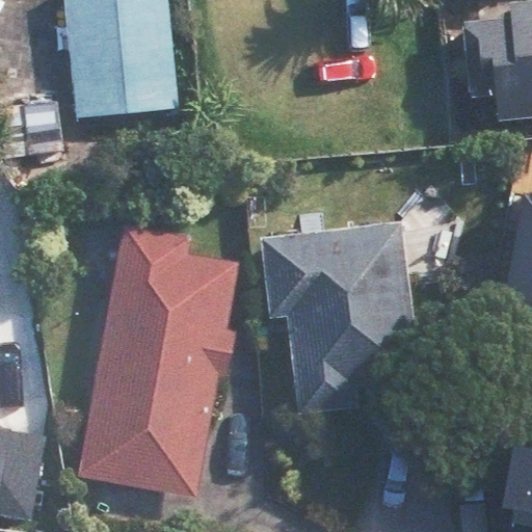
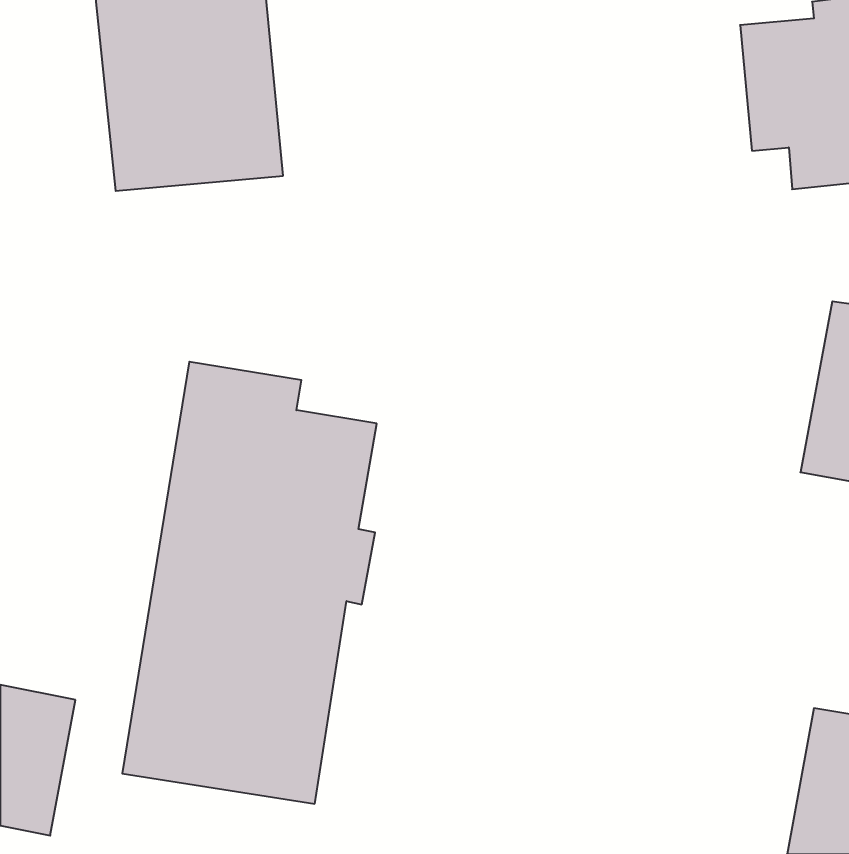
building: [258,220,417,414] -> none

